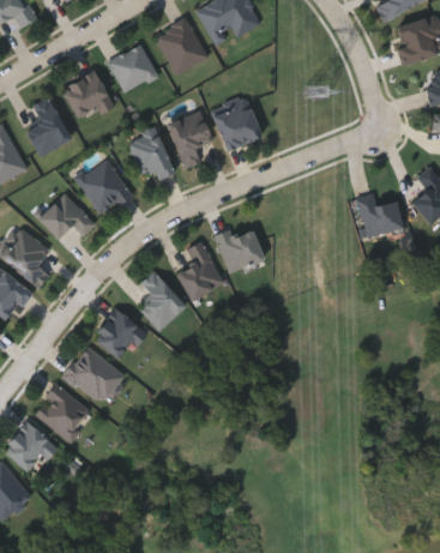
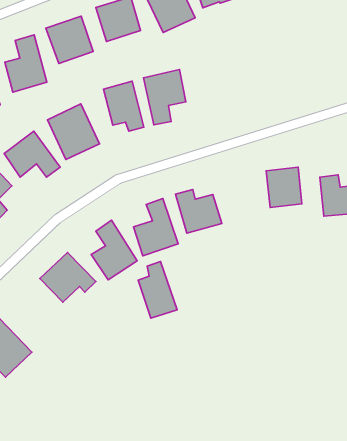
building: [213,100,263,151] -> none
building: none -> [266,167,302,207]
building: none -> [138,262,177,318]
building: [64,345,125,404] -> none

